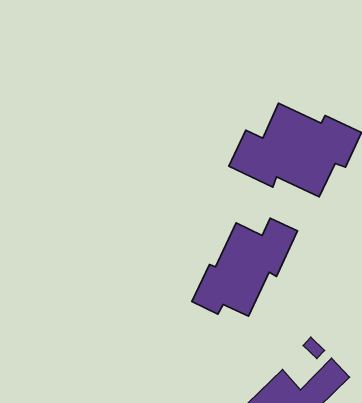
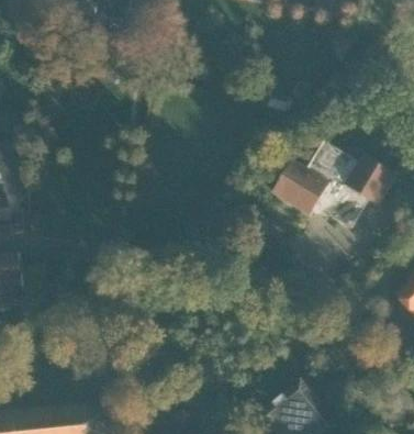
building: [192,218,298,316] -> none

